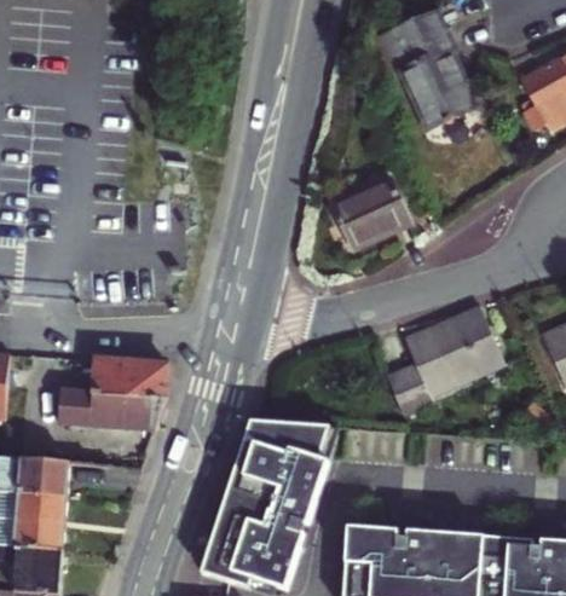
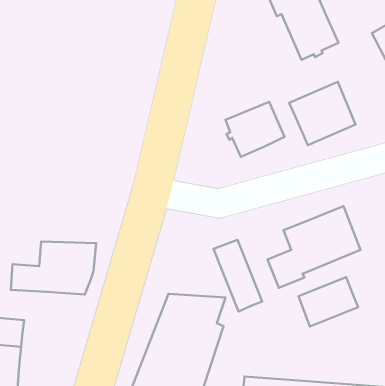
building: none -> [289,82,356,145]
building: none -> [214,240,262,311]
building: none -> [299,277,358,326]

